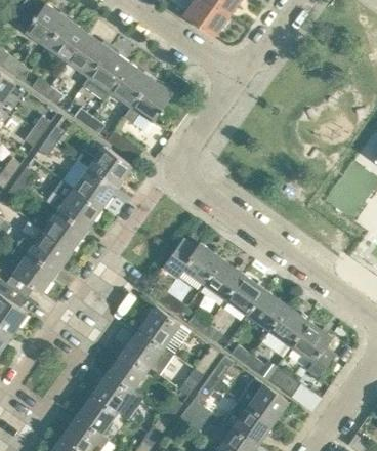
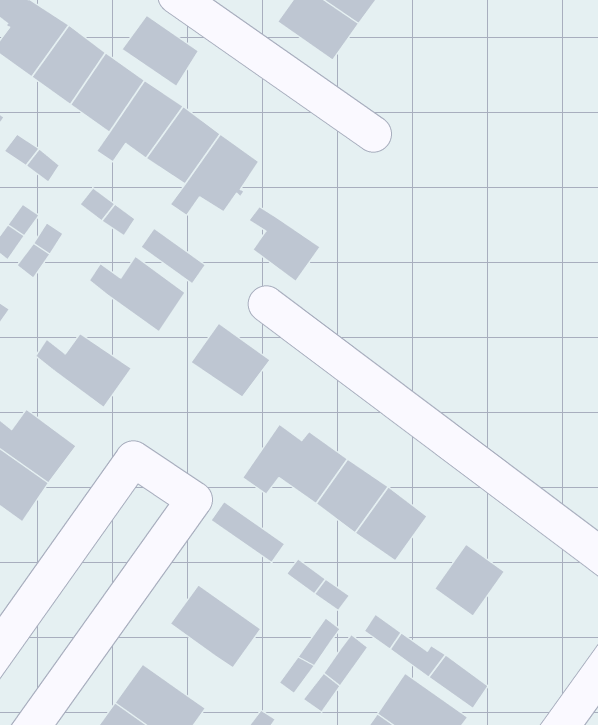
building: none -> [122,15,199,86]
building: none -> [249,206,320,282]
building: [73,167,117,208] -> [191,323,270,397]
building: [43,209,86,251] -> none
building: [248,290,287,330] -> none
building: [138,306,190,353] -> none
building: [291,321,334,377] -> none
building: [108,350,149,389] -> none

